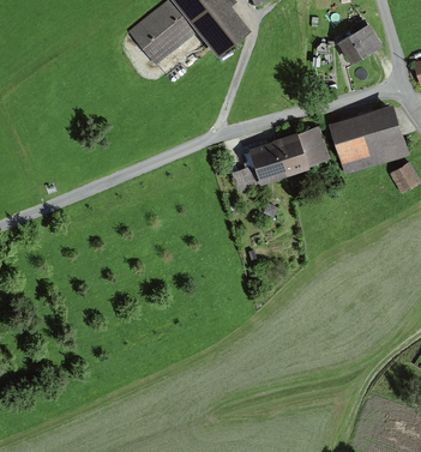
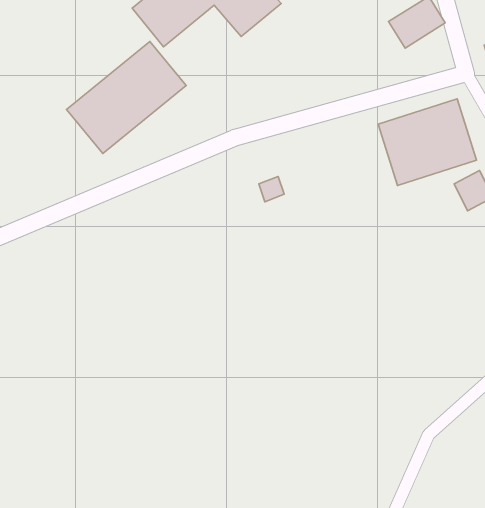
building: none -> [66,41,186,154]
building: [249,127,330,183] -> none

